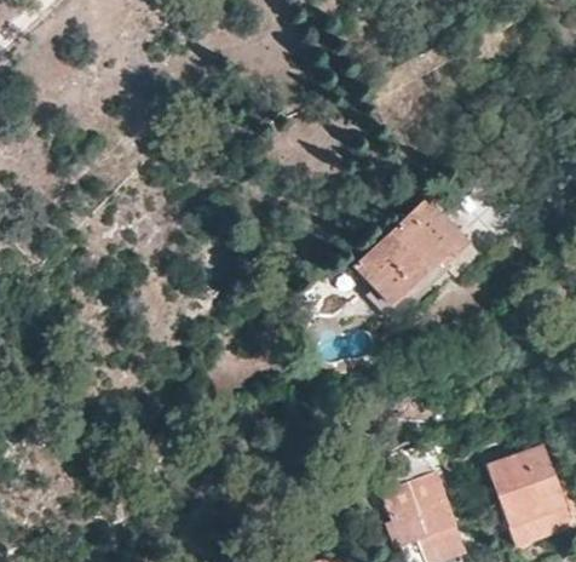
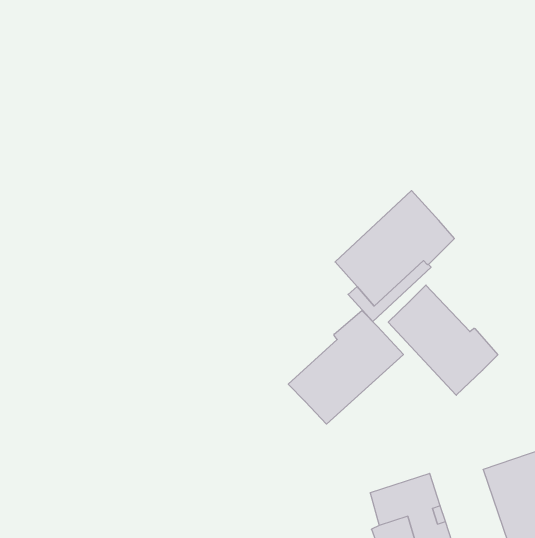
building: none -> [388,285,498,395]
building: none -> [288,311,403,424]

